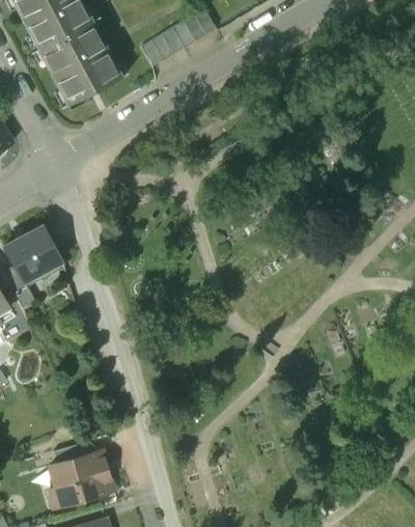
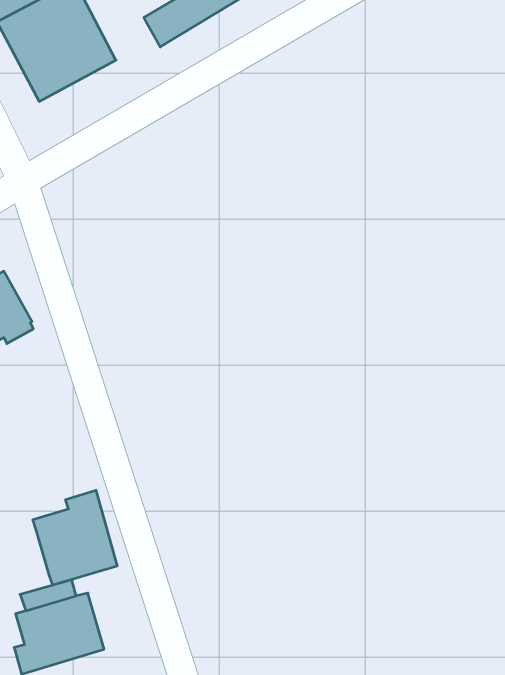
building: none -> [33,490,117,585]

